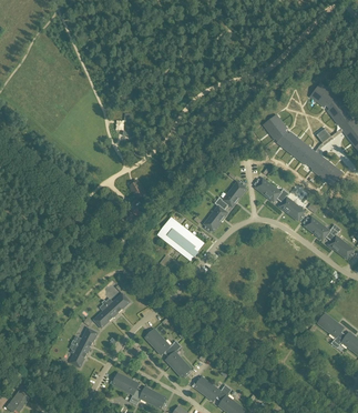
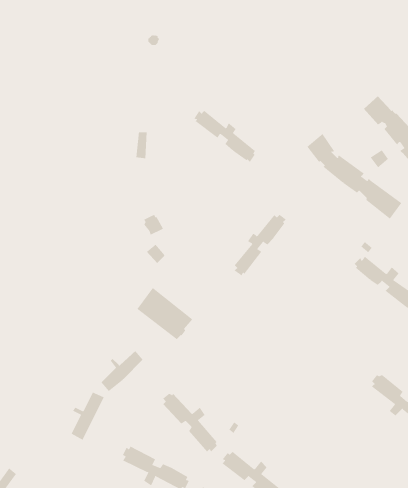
building: [254,178,305,221] -> [194,110,255,163]
building: [157,216,204,260] -> [136,287,193,340]

